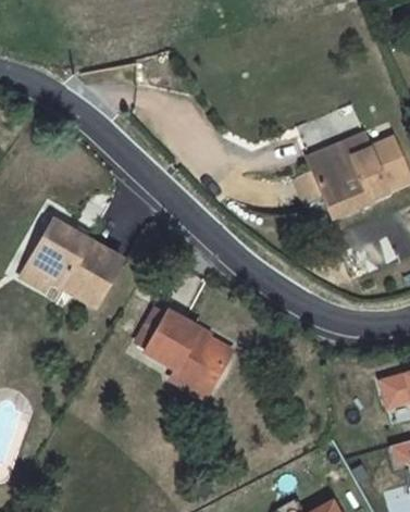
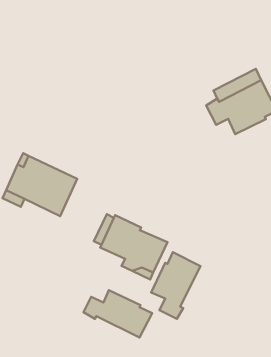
building: none -> [151,252,200,319]
building: none -> [83,290,152,337]

